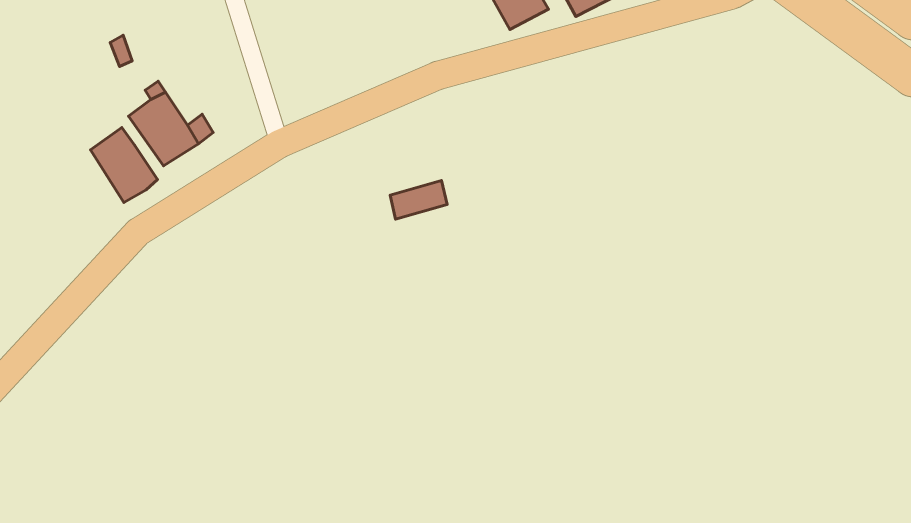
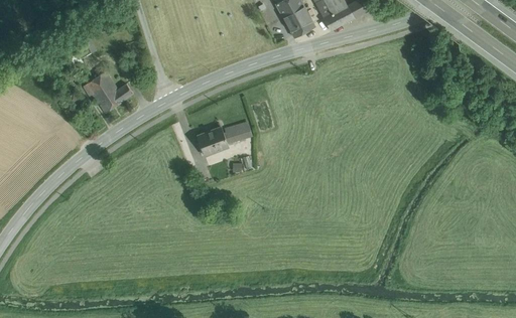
building: [90,128,158,203] -> none
building: none -> [196,127,227,155]

